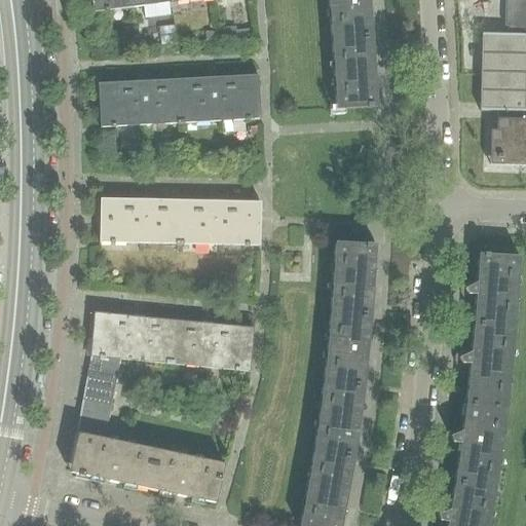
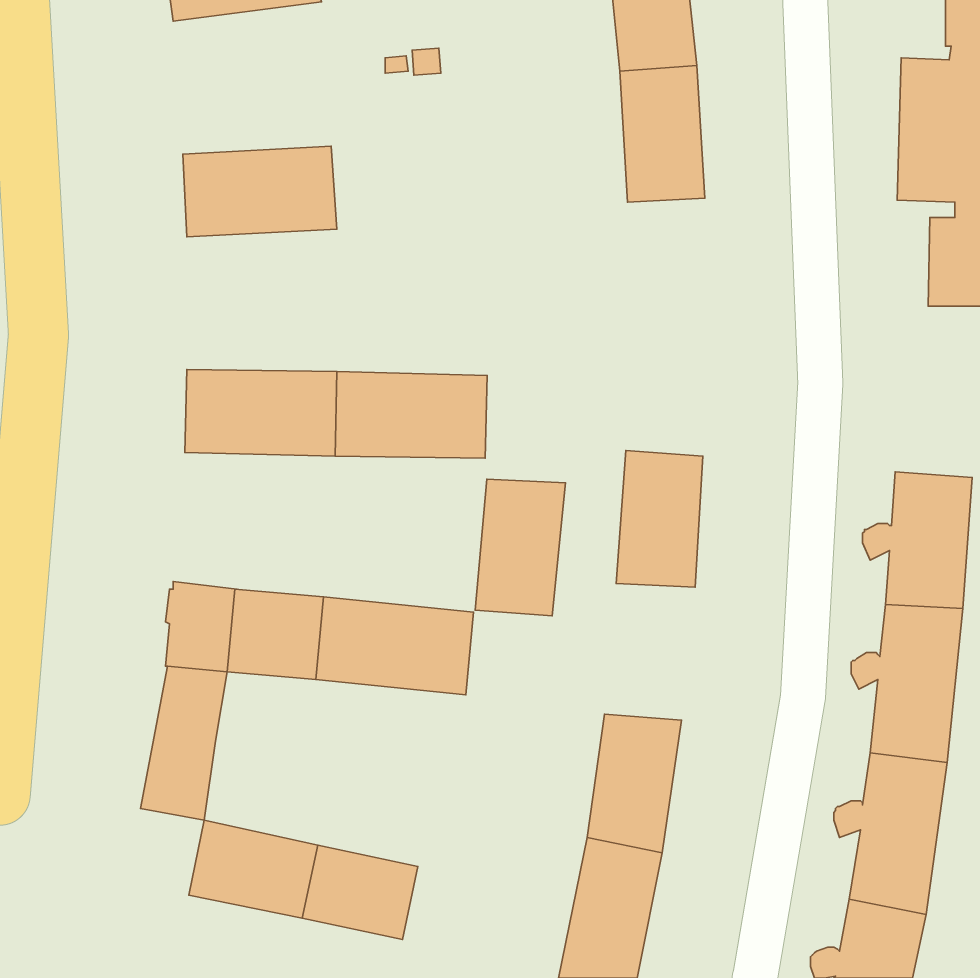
building: [179,74,262,122] -> none
building: [325,311,373,384] -> [475,479,566,616]
building: [71,431,111,481] -> none

